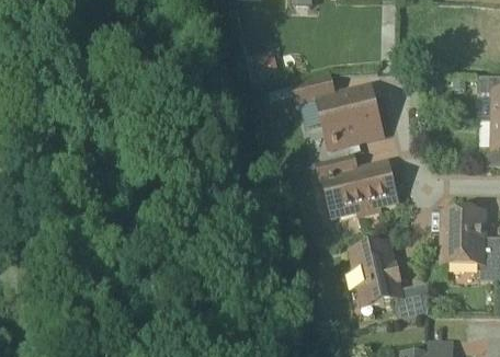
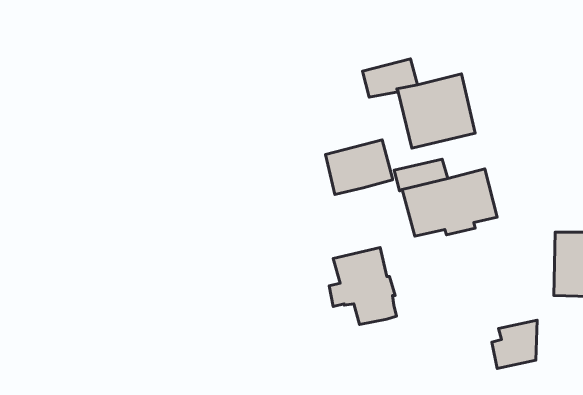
building: none -> [325,140,393,195]
building: [348,242,401,303] -> [329,247,397,325]

